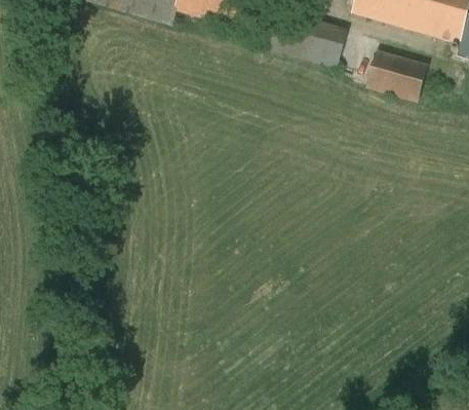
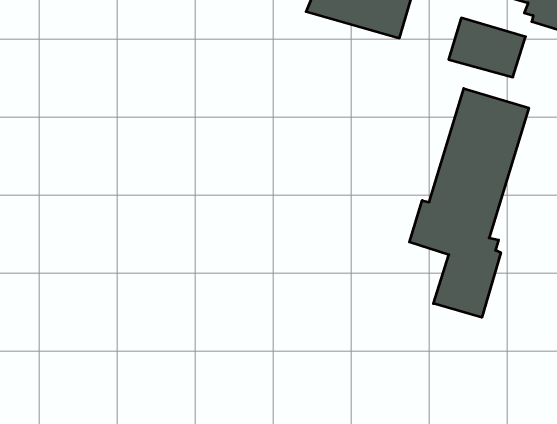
building: none -> [409,88,529,317]

